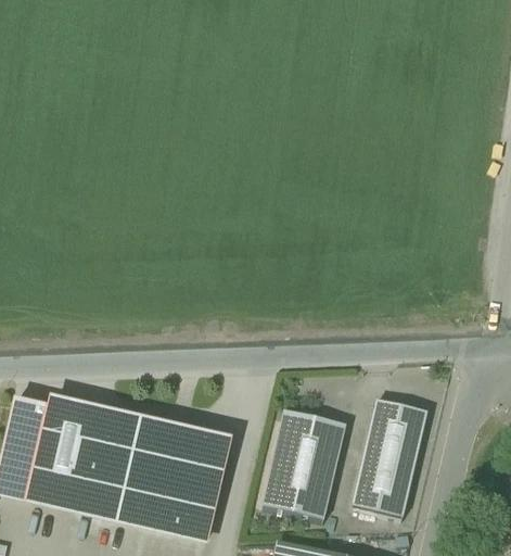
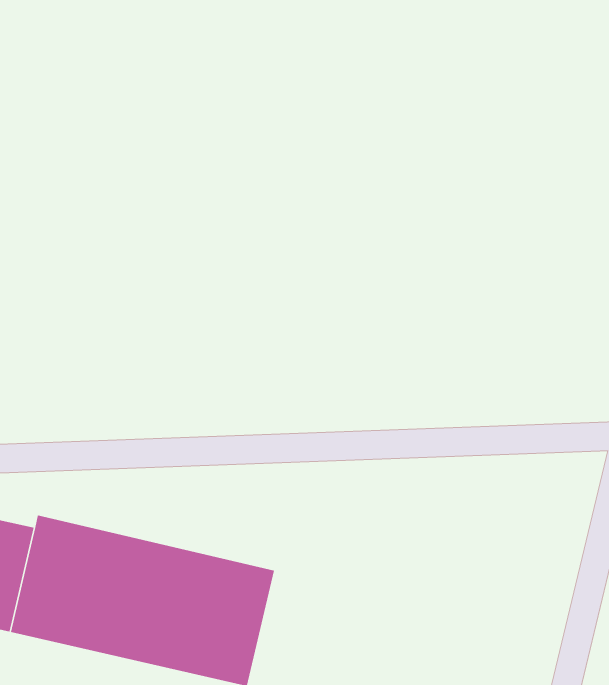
building: [352,400,426,517] -> none
building: [263,410,345,520] -> none

